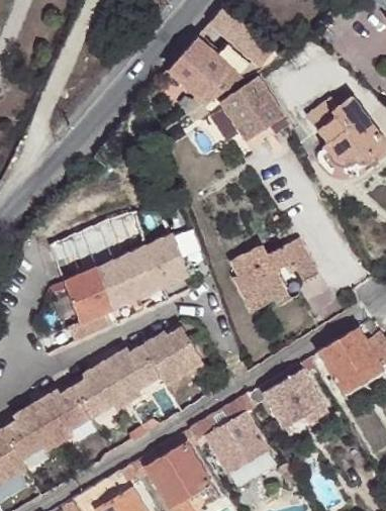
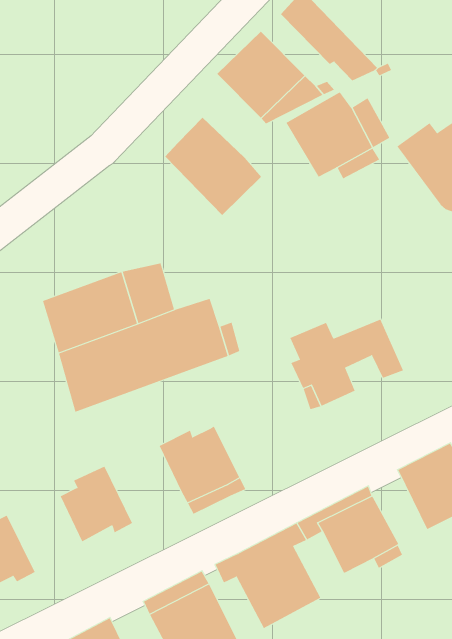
building: none -> [165,117,262,216]
building: [104,345,161,403] -> none
building: [35,387,91,443] -> none

